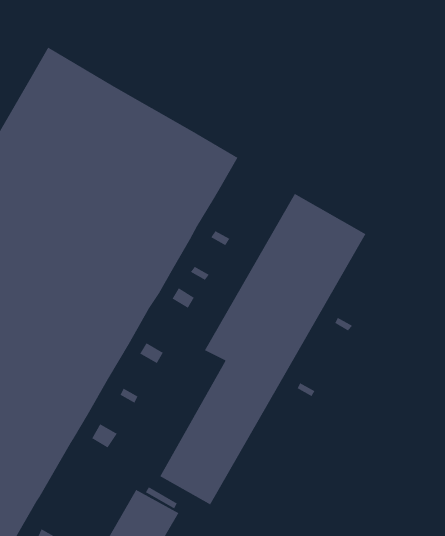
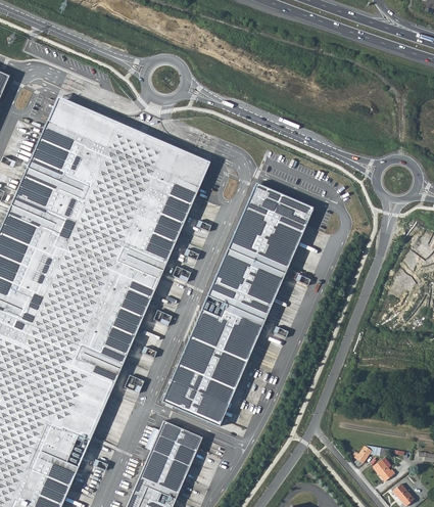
building: none -> [161,311,216,409]

